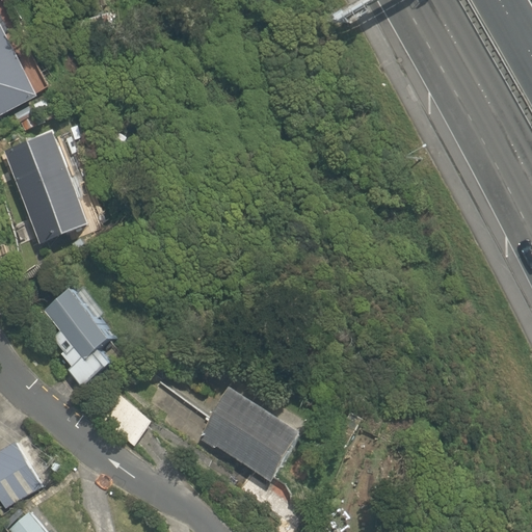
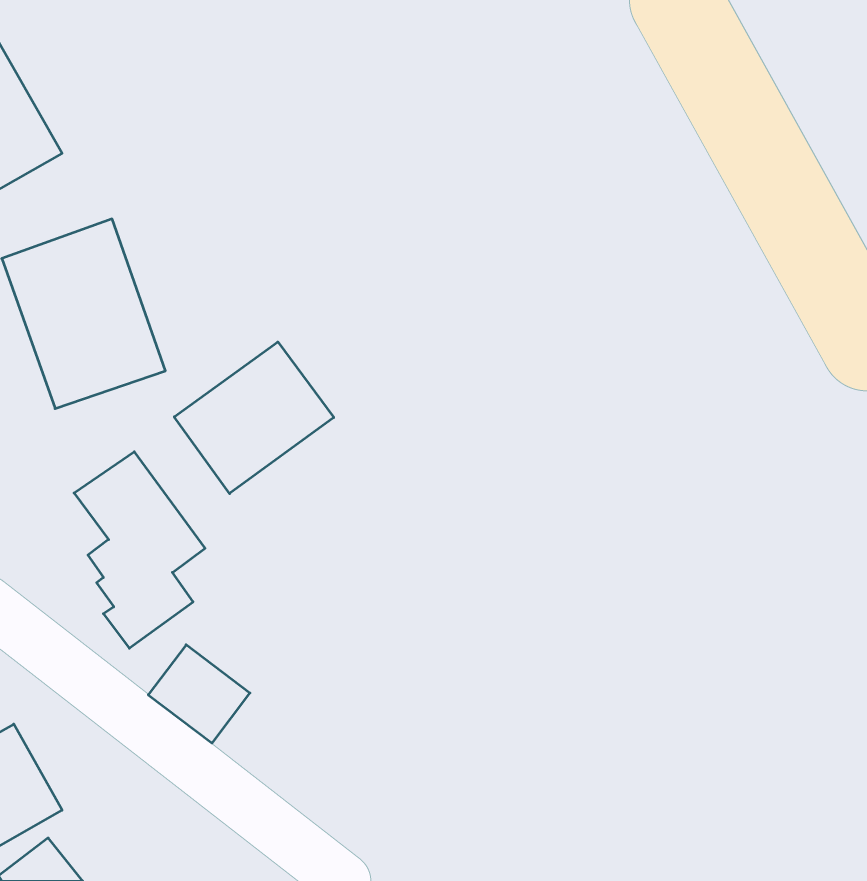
building: none -> [174,342,334,494]
building: [198,387,298,480] -> none

